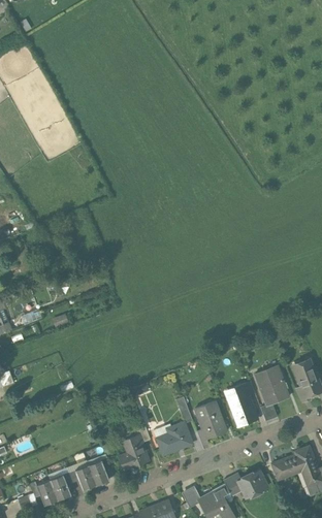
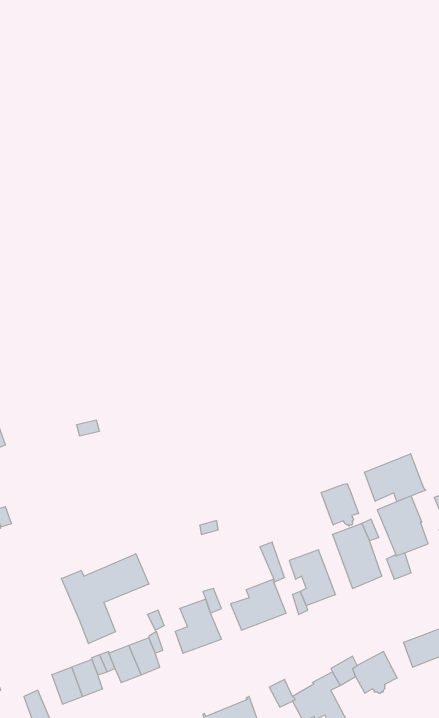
building: none -> [365,454,426,501]
building: none -> [321,484,359,526]
building: none -> [61,554,149,644]

